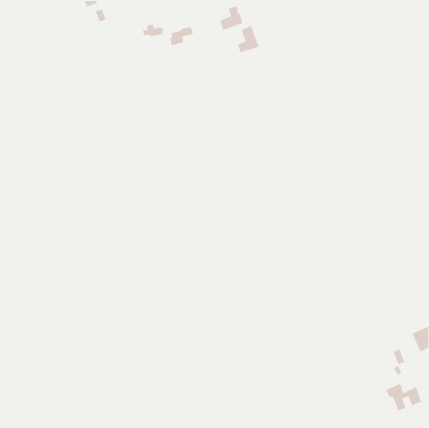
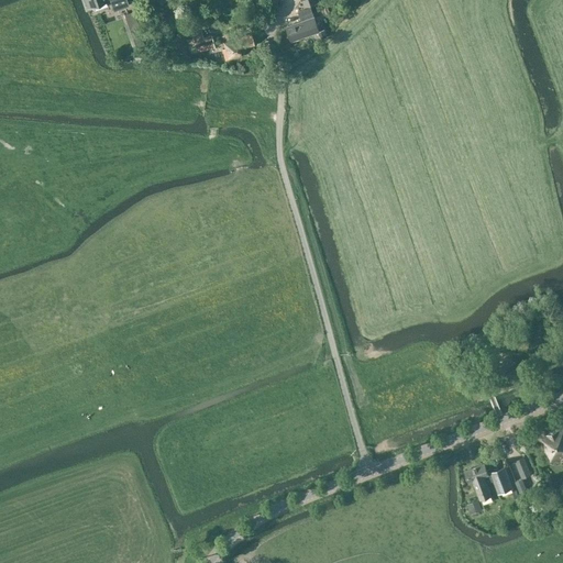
building: [237,25,259,54] -> none
building: [385,383,422,411] -> [464,463,512,500]

